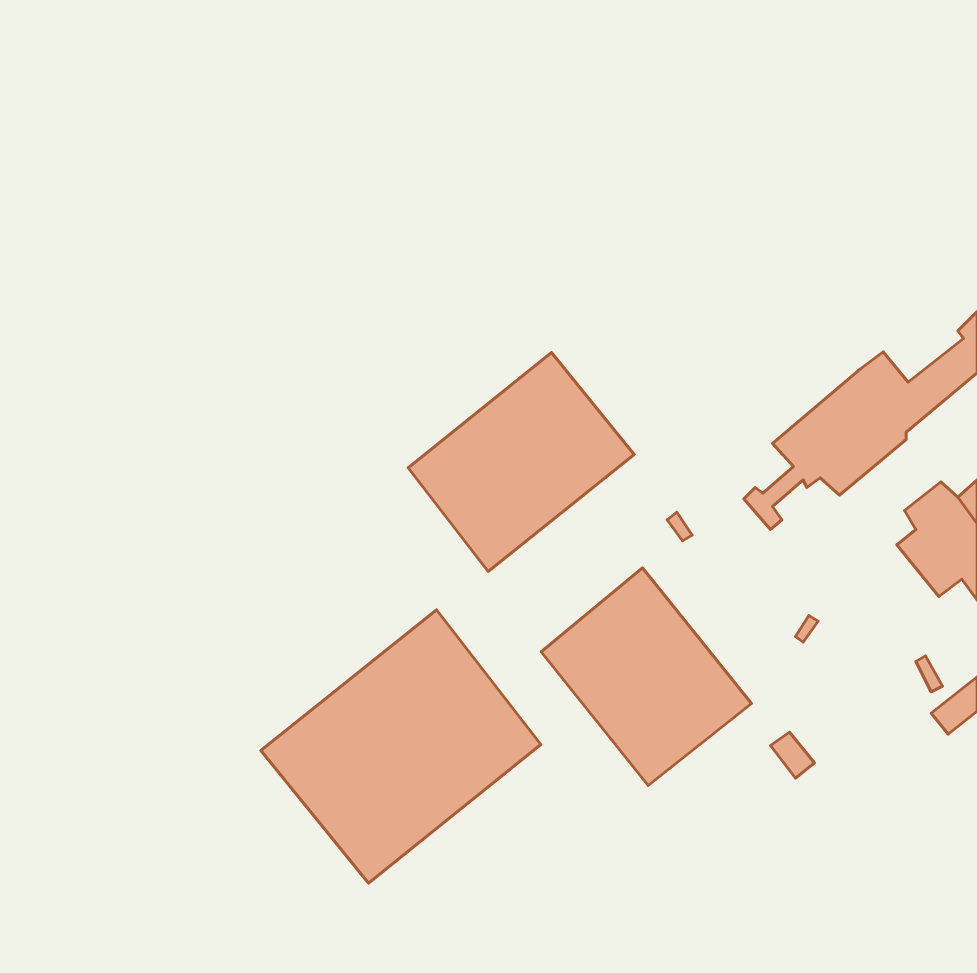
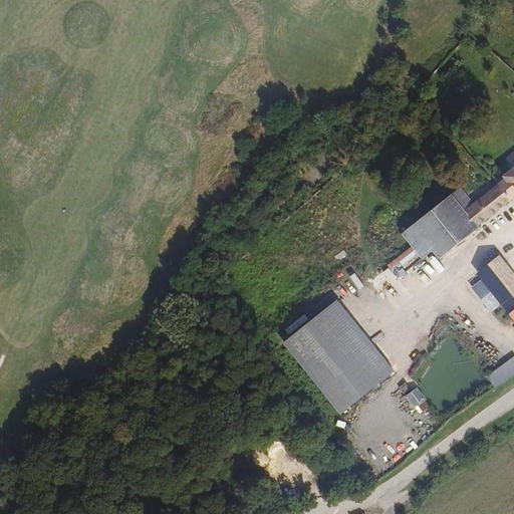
building: [408,352,634,571] -> none
building: [261,610,541,883] -> none

